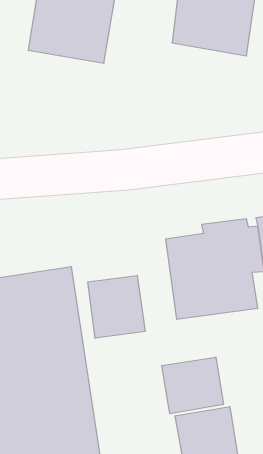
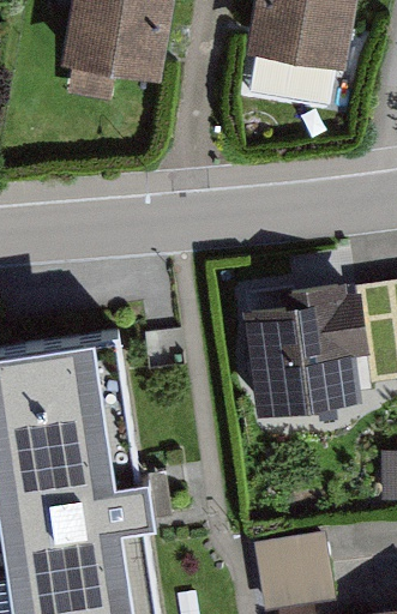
building: [88,275,145,338] -> none
building: [162,357,223,414] -> none

